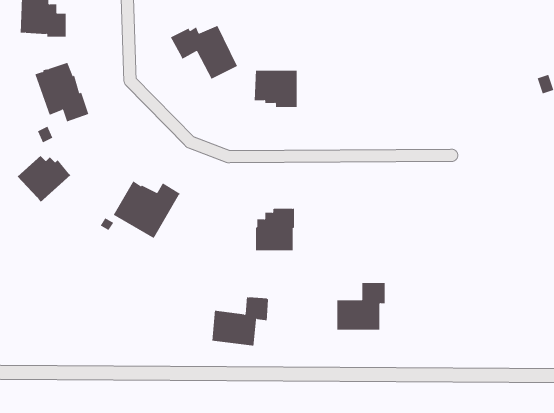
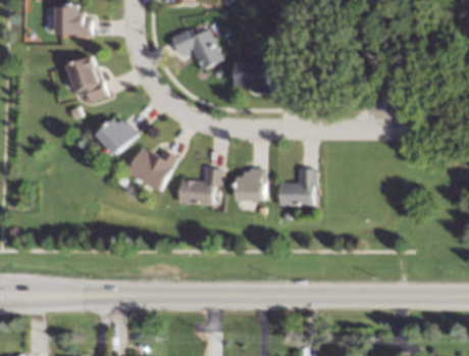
building: [17,155,71,203] -> [96,118,138,155]
building: [336,282,386,330] -> [278,169,316,206]
building: [212,297,269,346] -> [178,168,222,206]

